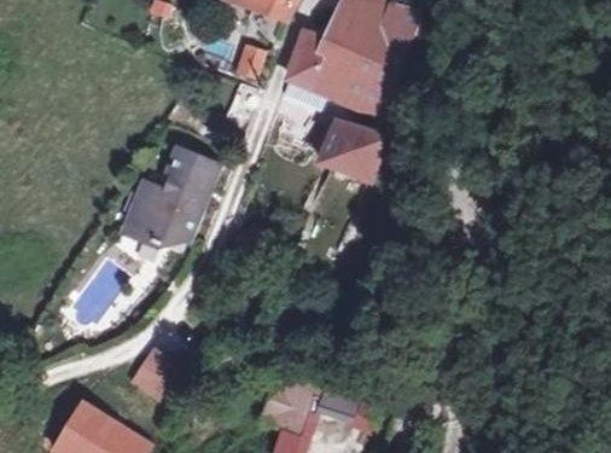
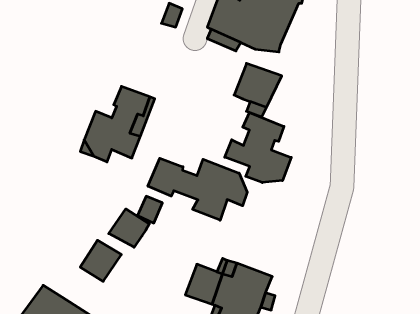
building: none -> [225,112,291,183]
building: none -> [148,158,247,220]
building: none -> [109,209,149,247]

